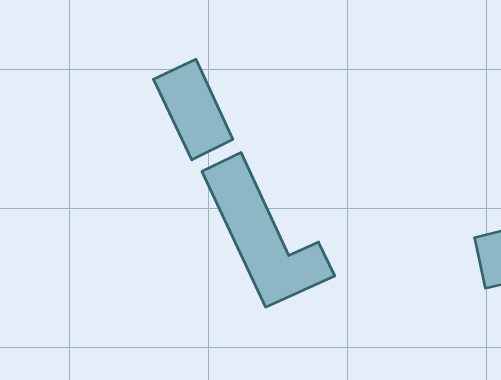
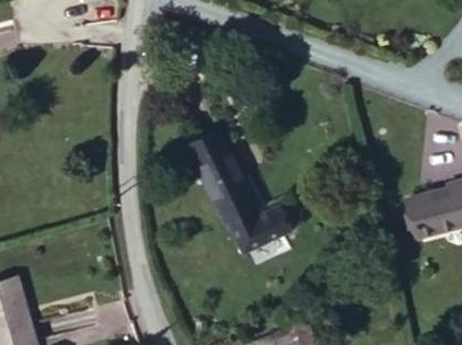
building: [153,59,233,160] -> none

